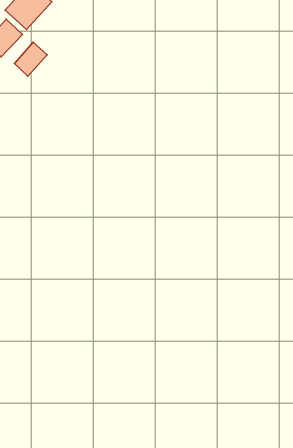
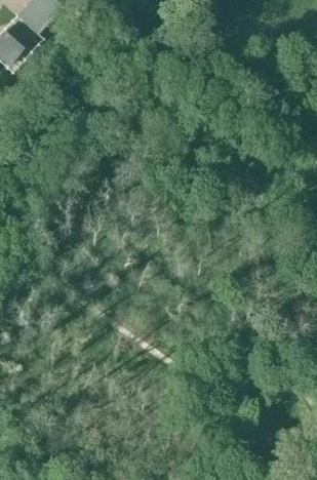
building: [14,42,47,76] -> none

